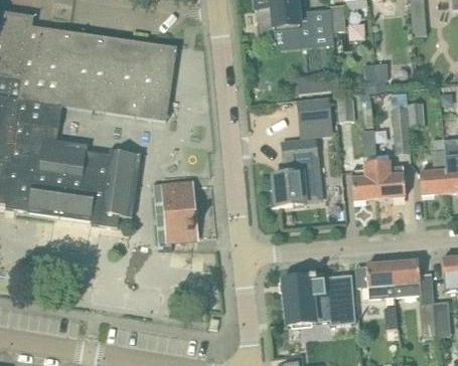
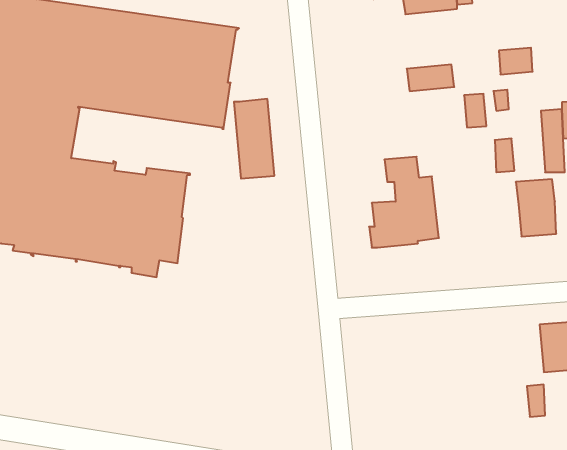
building: [298,100,329,135] -> none
building: [349,160,379,200] -> none
building: [165,183,194,240] -> [234,99,274,179]
building: [365,261,396,298] -> none
building: [282,273,355,325] -> none

